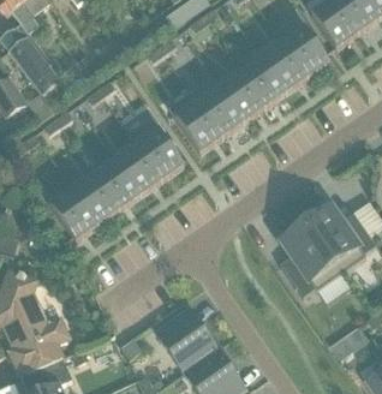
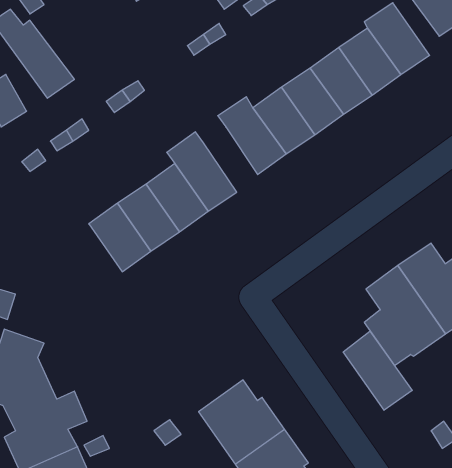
building: [47,184,96,238] -> none
building: none -> [343,331,412,410]

